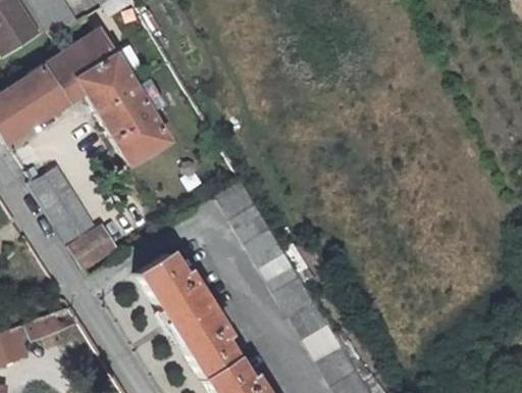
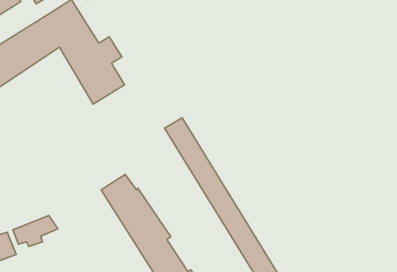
building: [32,165,116,265] -> none

